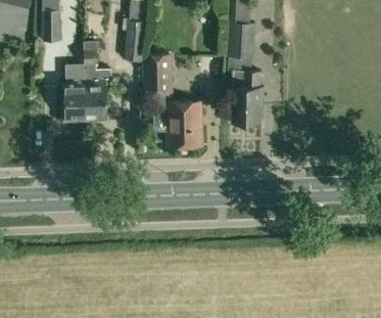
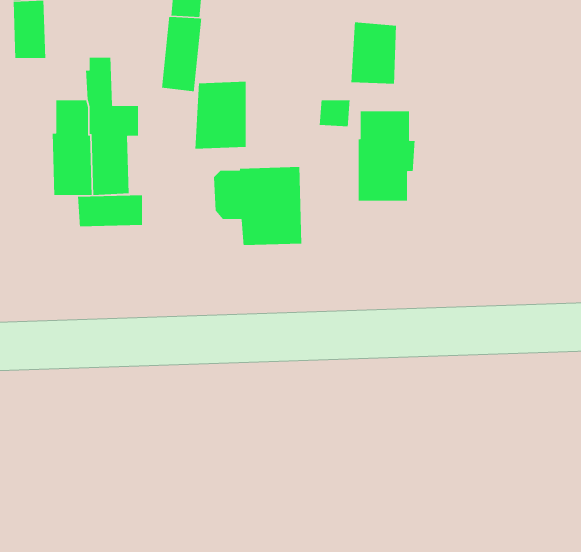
building: none -> [77,194,143,227]

